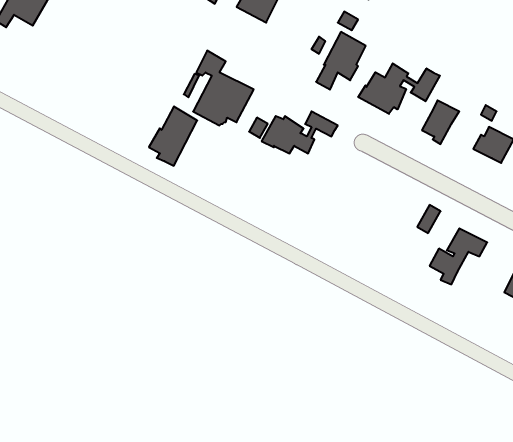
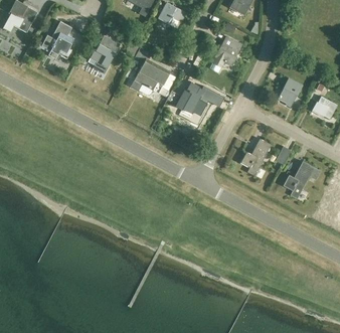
building: none -> [41,20,73,57]
building: [358,63,440,114] -> none
building: [149,106,197,166] -> [88,34,119,72]
building: none -> [240,138,271,174]

